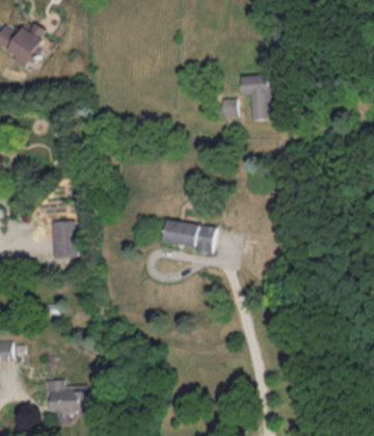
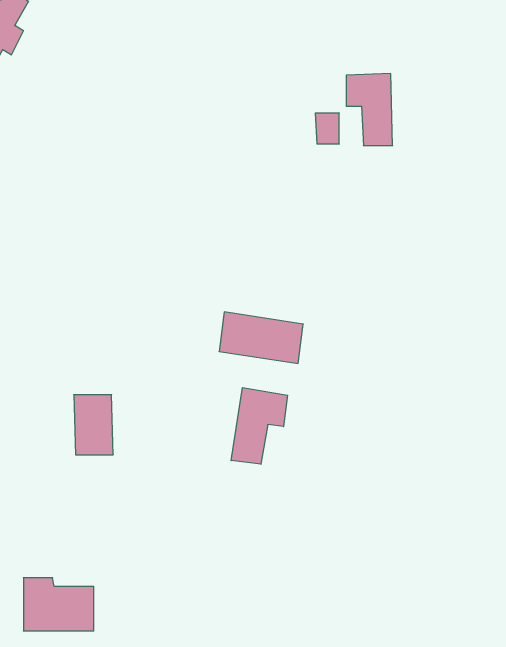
building: [51,221,75,257] -> [74,395,113,455]
building: none -> [231,388,288,464]

